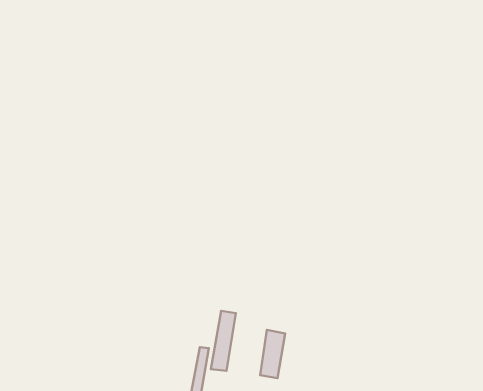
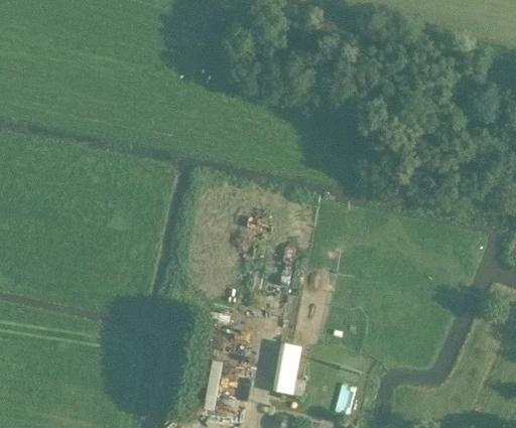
building: [211,311,236,371] -> none

